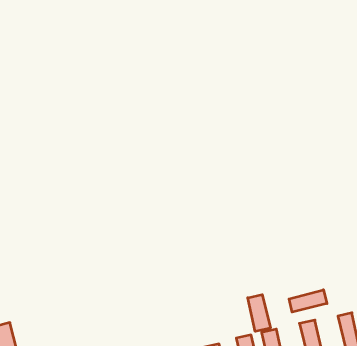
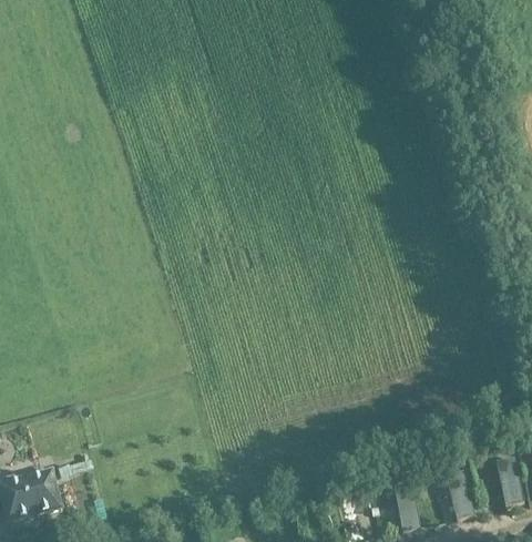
building: [289,290,327,312] -> none
building: [248,295,270,331] -> none

